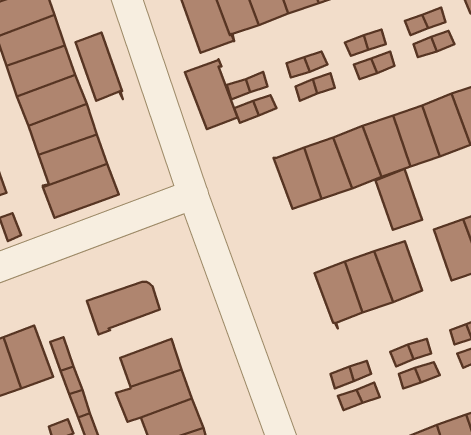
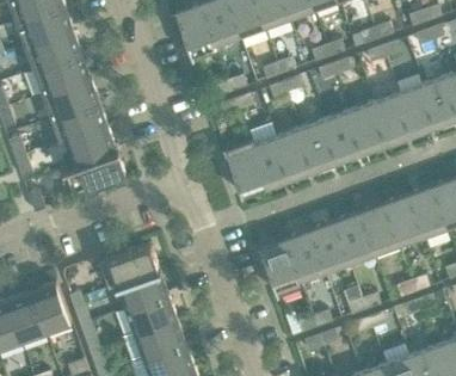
building: [76,32,123,101] -> none
building: [185,59,238,129] -> [223,138,266,196]
building: [375,169,422,230] -> [358,203,396,253]
building: none -> [259,239,303,295]
building: none -> [116,269,167,308]

